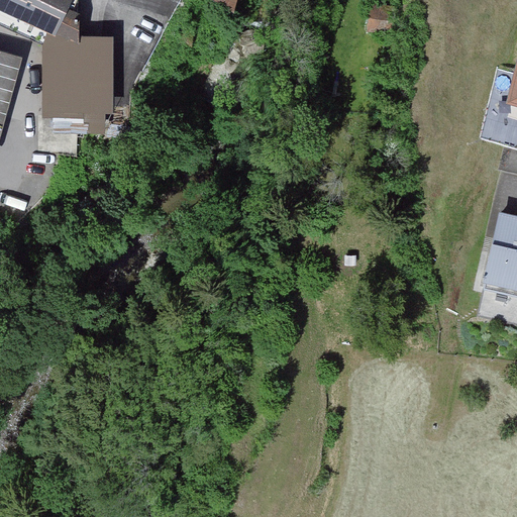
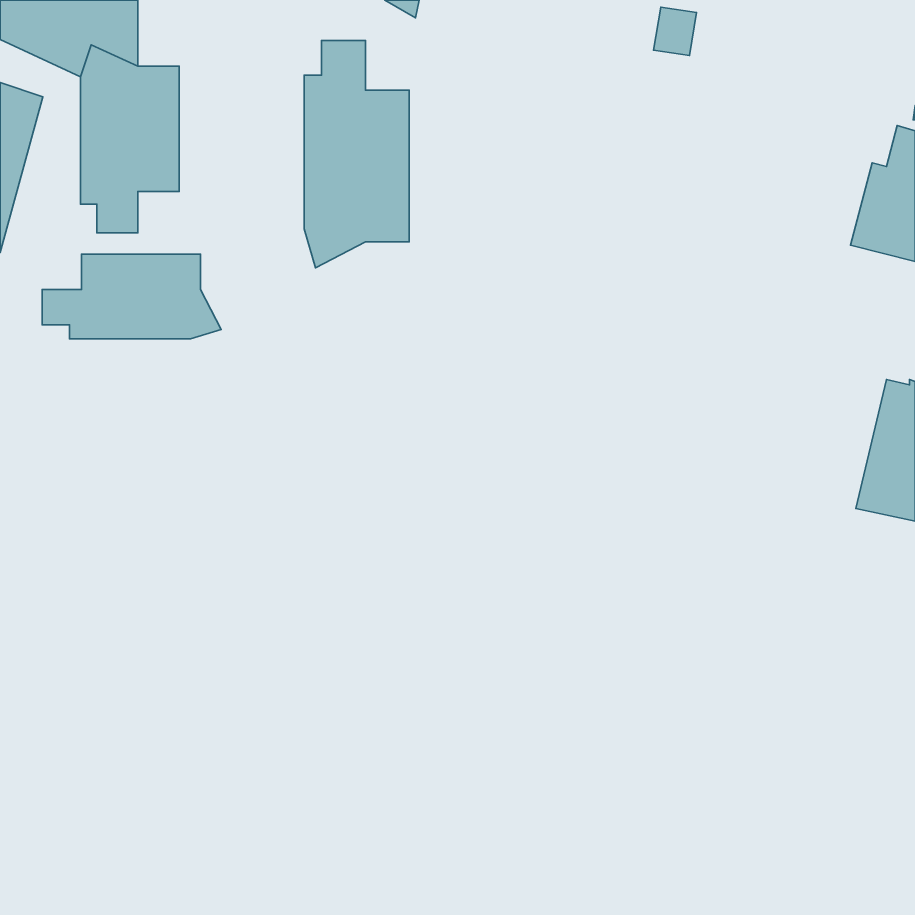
building: none -> [304,40,409,268]
building: none -> [42,254,221,339]

